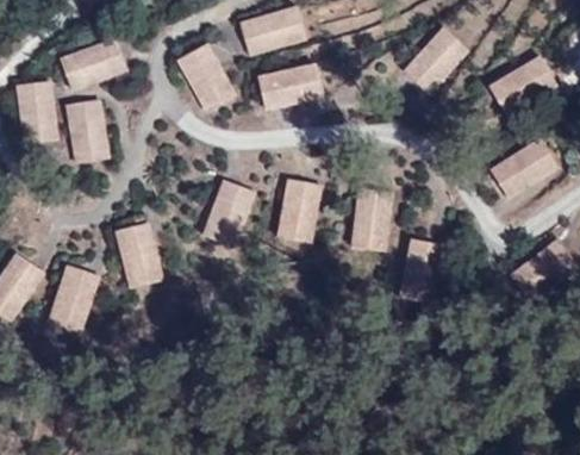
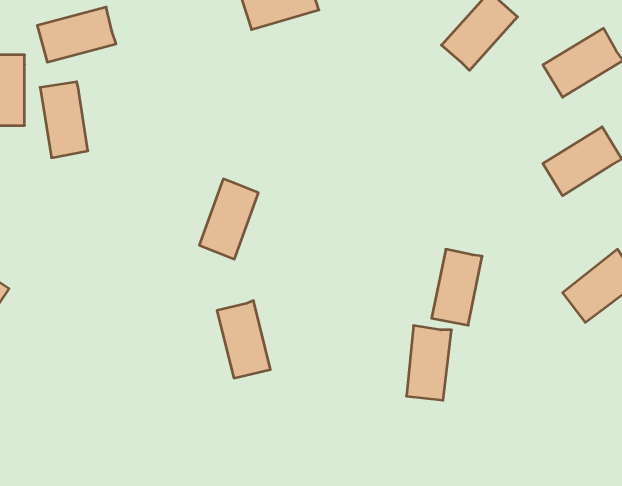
building: [180,39,235,107] -> none
building: [261,64,324,102] -> none
building: [275,180,318,244] -> none
building: [350,189,388,253] -> [406,326,452,400]
building: [113,224,158,289] -> [217,301,270,378]
building: [46,267,95,332] -> none

